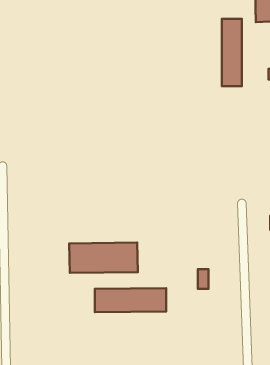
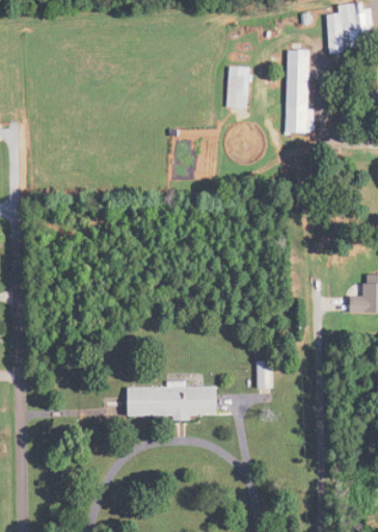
building: none -> [226,66,249,108]
building: [69,243,138,273] -> none

